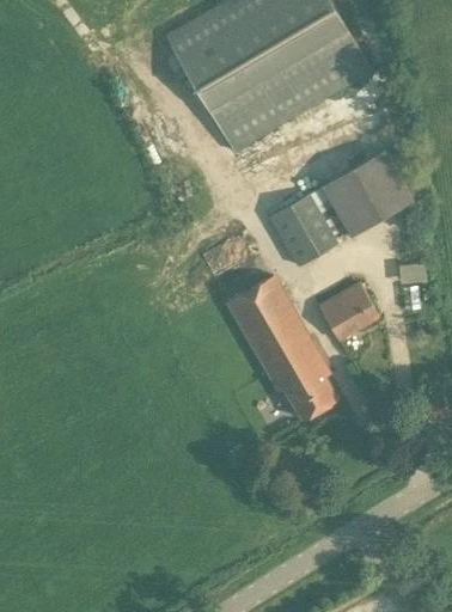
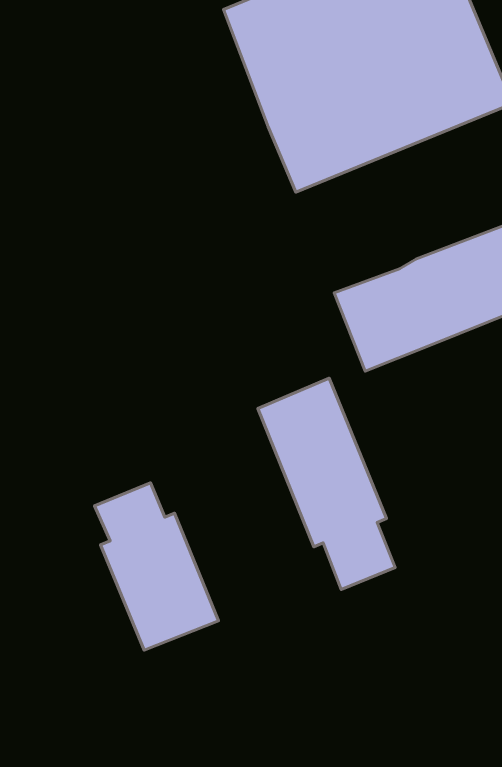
building: [319,282,379,339] -> none
building: none -> [95,483,218,650]

